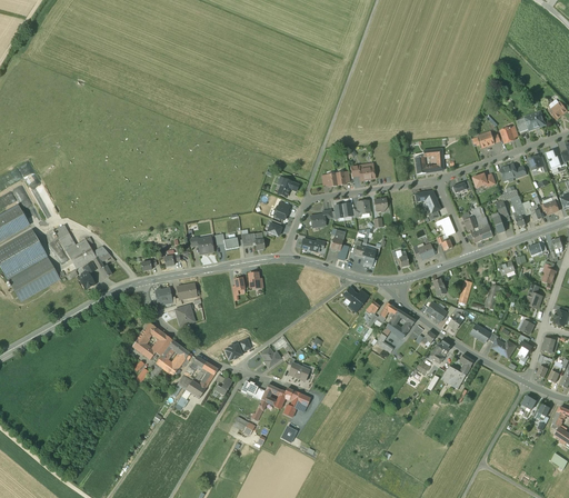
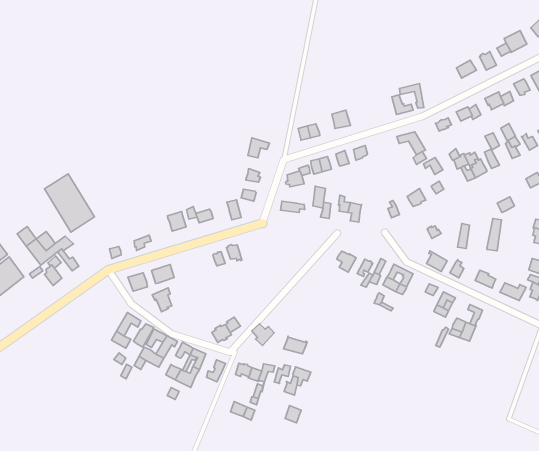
building: none -> [44,174,95,232]

